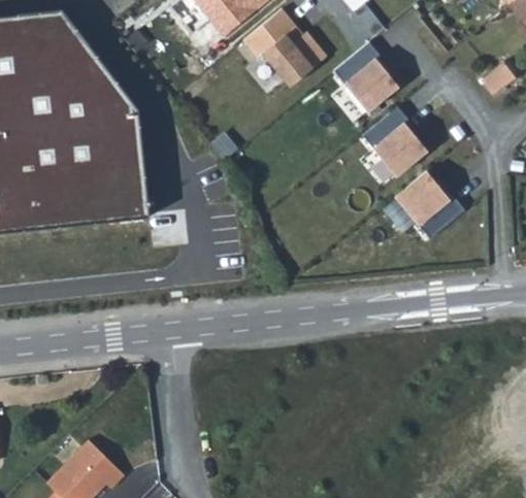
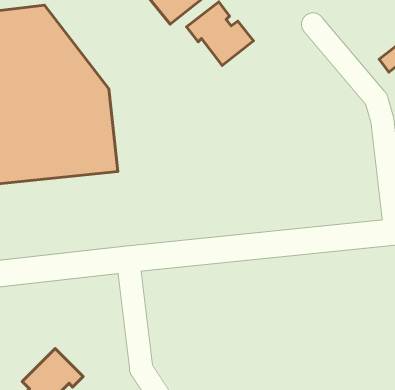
building: [334,45,400,117] -> none
building: [361,110,428,181] -> none
building: [394,172,461,243] -> none

